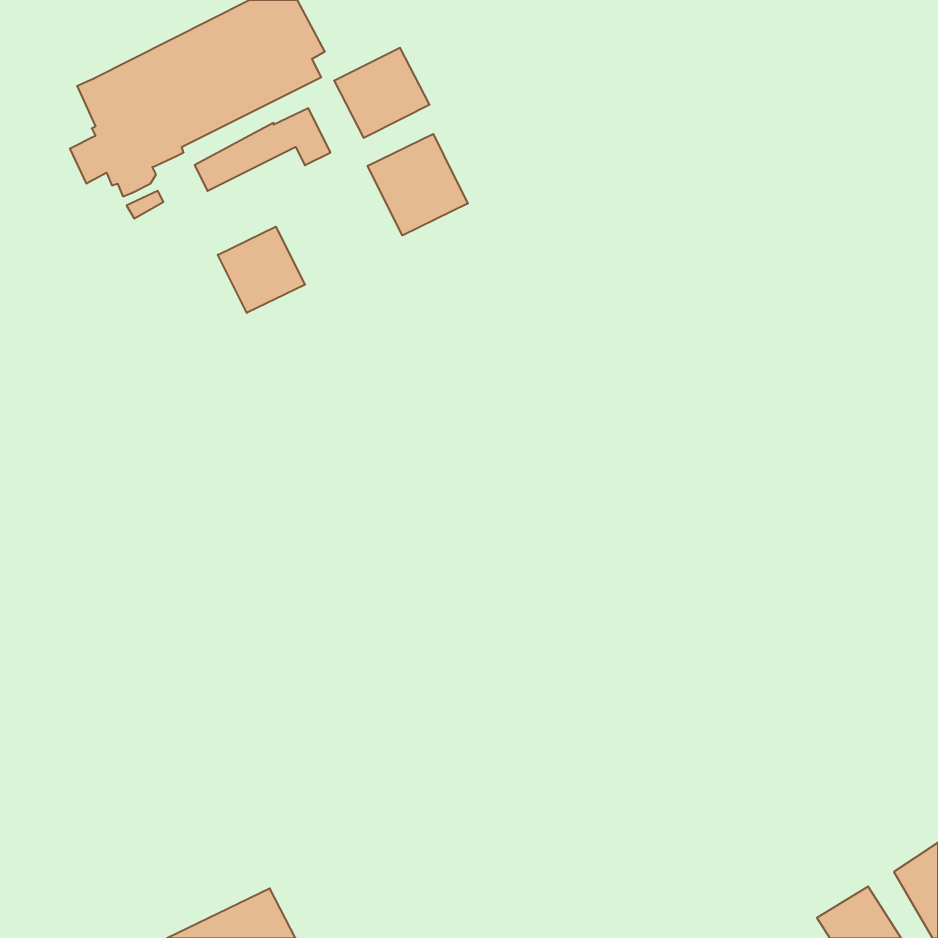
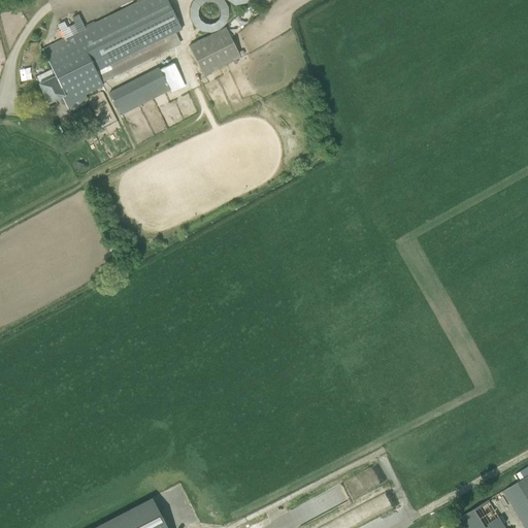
building: [368,134,468,235] -> none
building: [218,227,305,313] -> none

